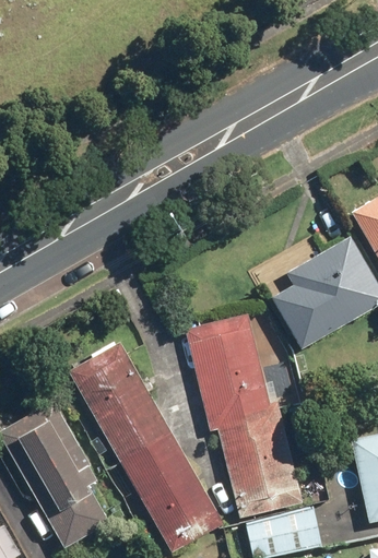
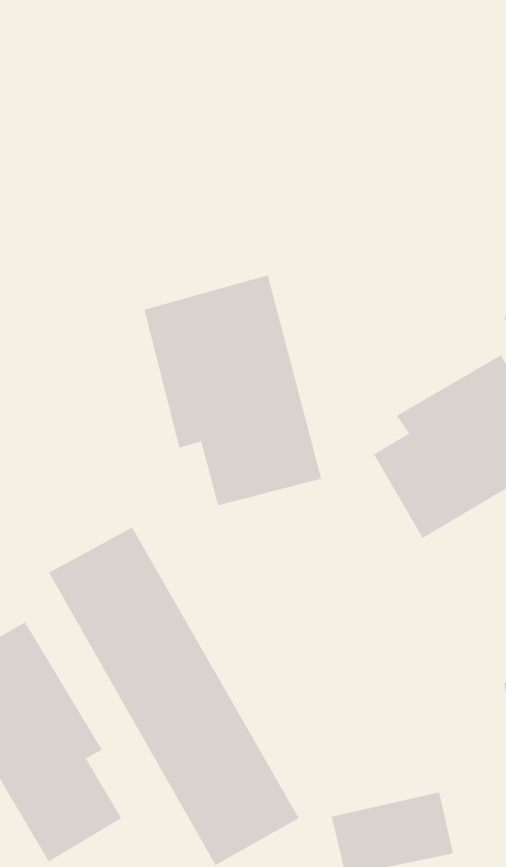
building: none -> [144,275,322,506]
building: [182,312,303,519] -> none

